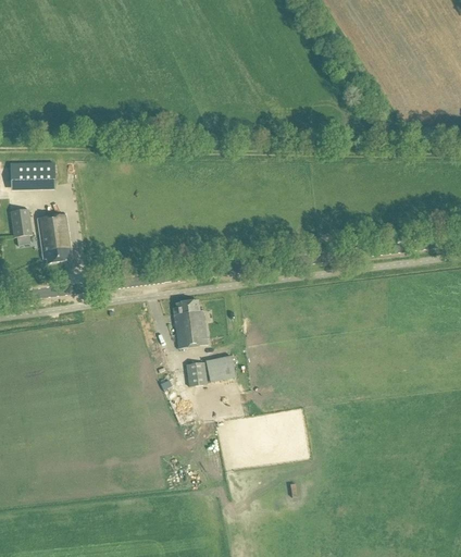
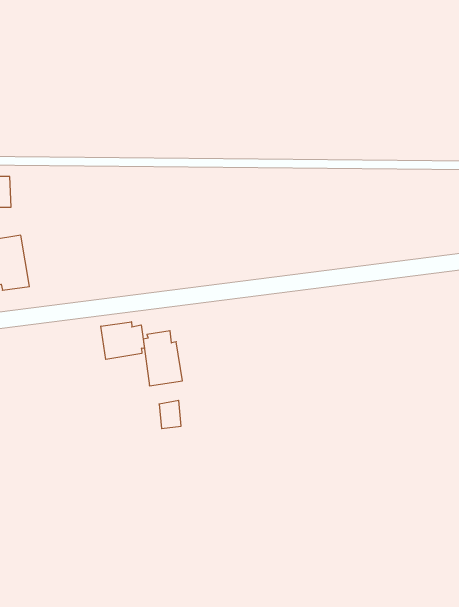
building: none -> [101,322,144,359]
building: [204,354,237,387] -> none

